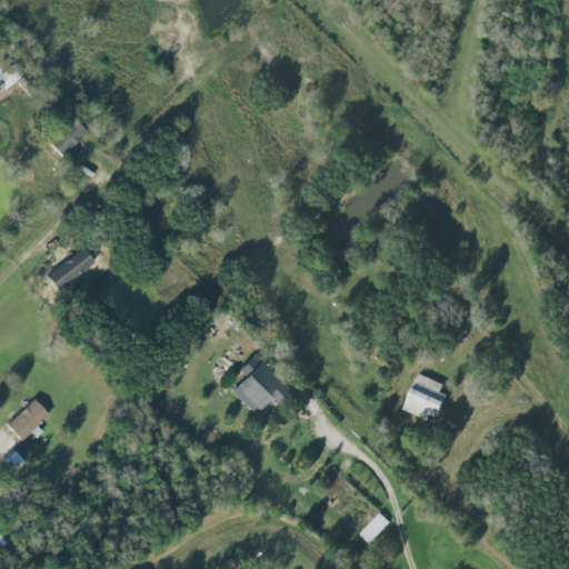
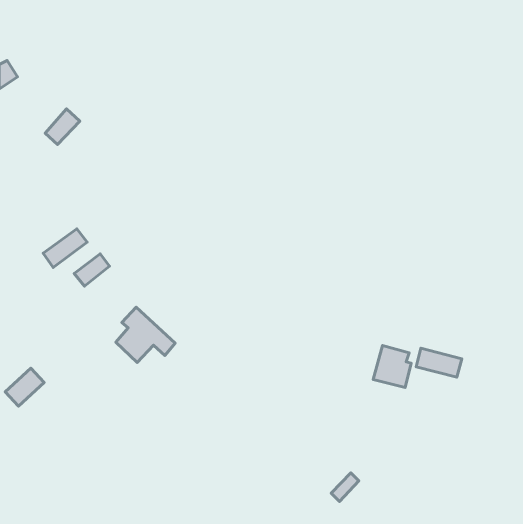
building: none -> [74,254,110,286]
building: [231,355,296,415] -> [116,307,175,363]
building: none -> [416,348,462,377]

